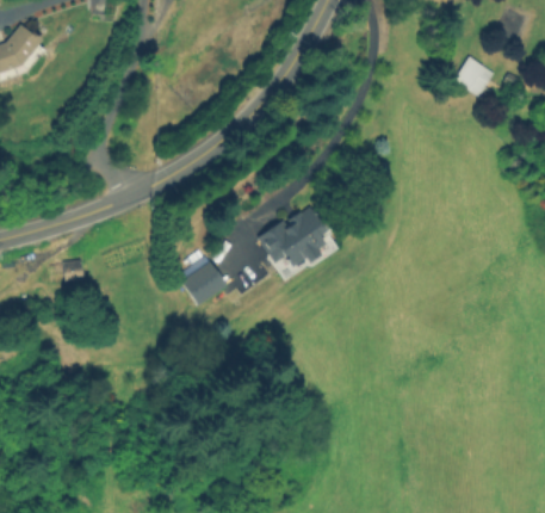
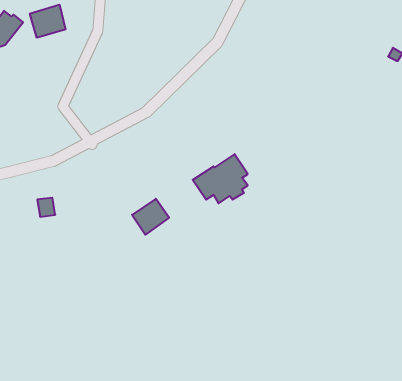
building: none -> [30,5,66,38]
building: [454,56,495,100] -> none

